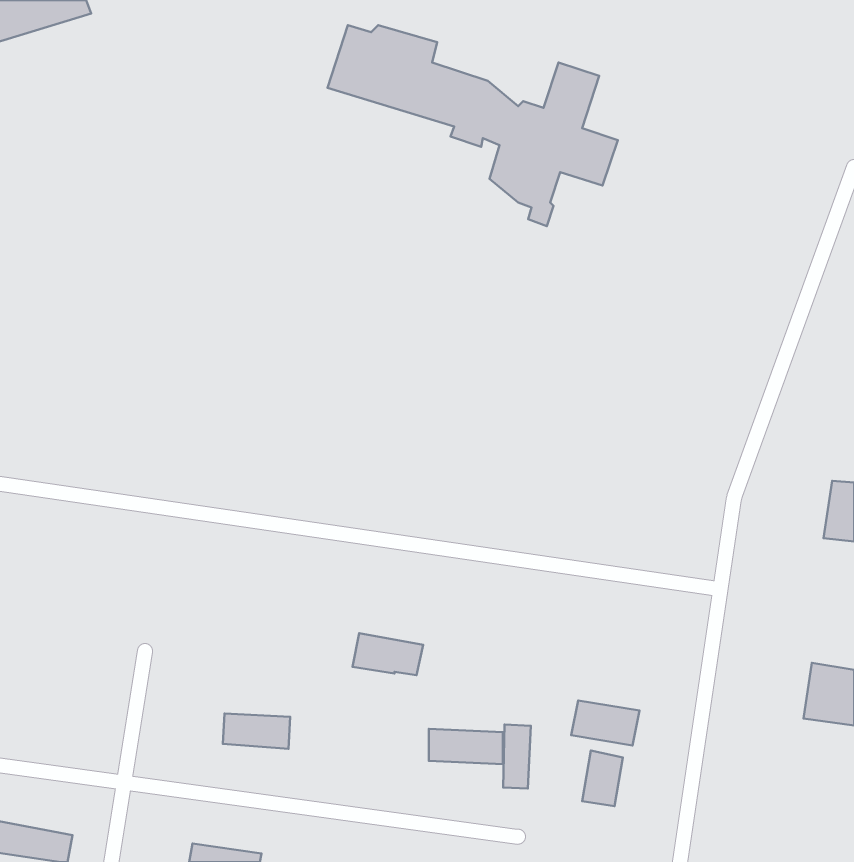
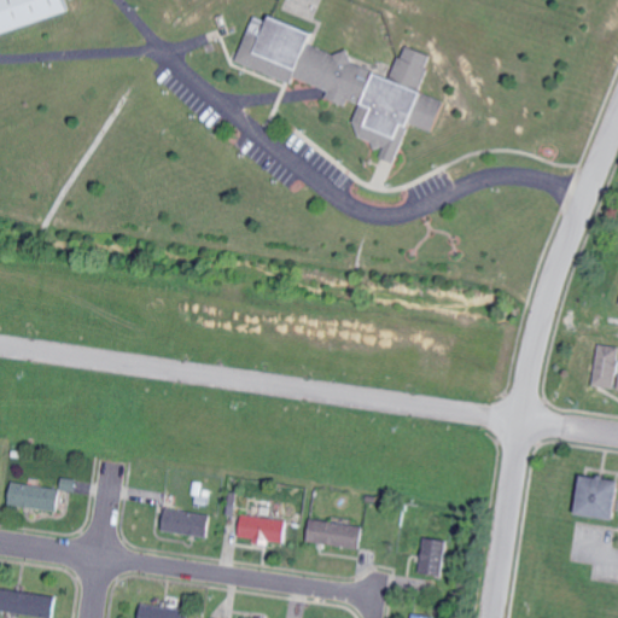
building: [352,633,423,675] -> [234,513,285,543]
building: none -> [5,482,58,512]
building: [571,700,639,745] -> none
building: [503,725,531,788] -> none

